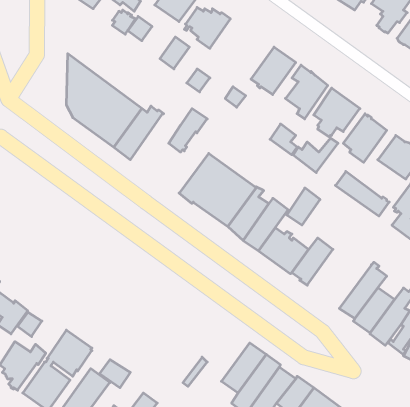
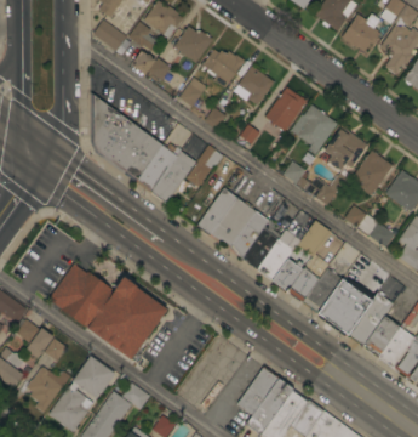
building: none -> [235,67,275,106]
building: none -> [151,151,197,205]
building: none -> [48,265,167,361]
building: none -> [317,280,367,333]

